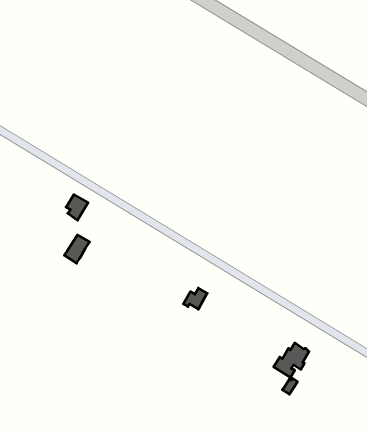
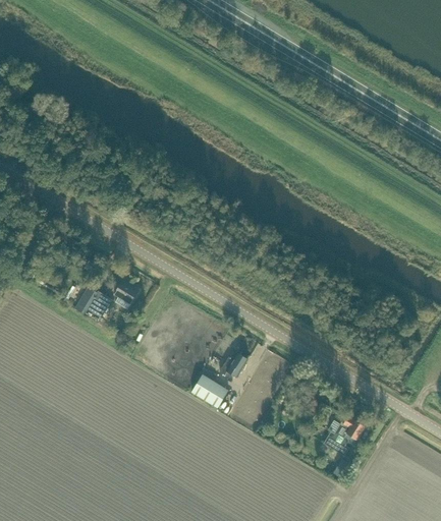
building: [66,195,88,220] -> [113,279,139,308]
building: none -> [191,373,228,406]

